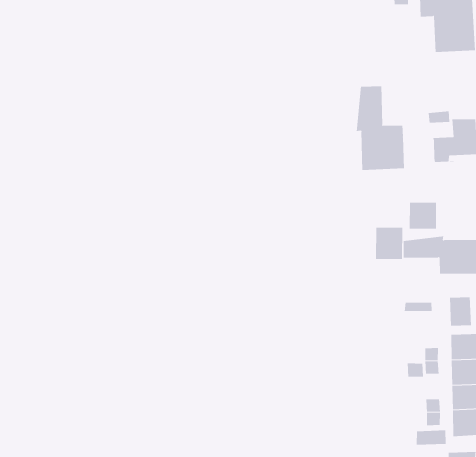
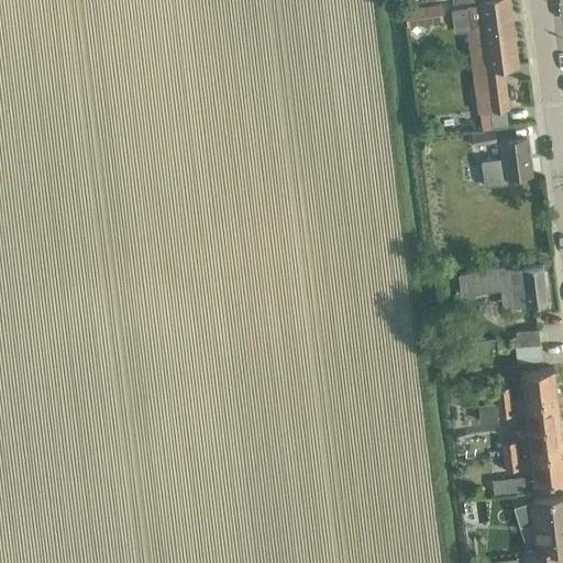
building: none -> [476,82,509,114]
building: [356,85,404,171] -> none
building: [409,202,437,229] -> none
building: [376,227,403,260] -> none

